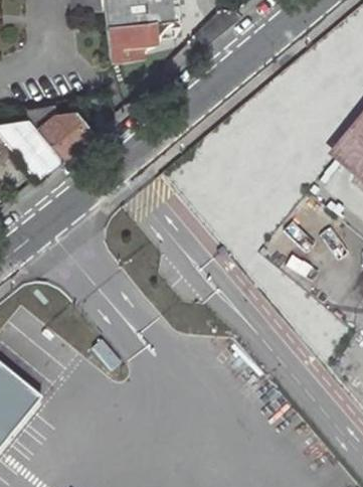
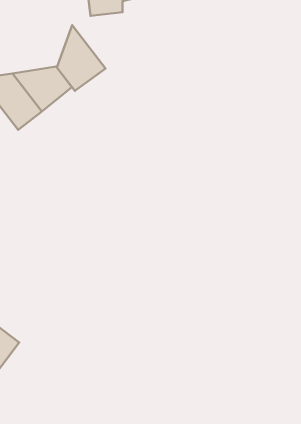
building: none -> [57,25,105,91]

